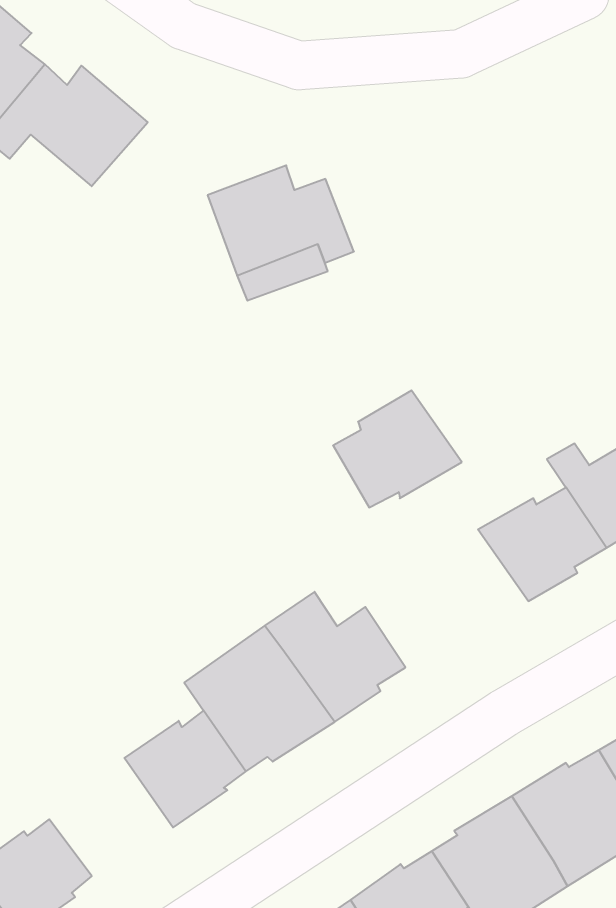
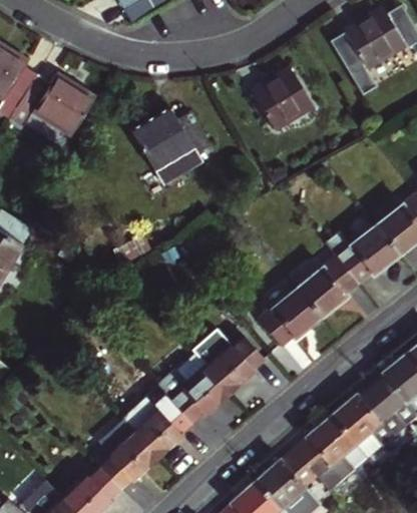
building: none -> [248,66,310,128]
building: [333,390,462,507] -> [258,283,325,346]
building: none -> [83,415,159,489]

